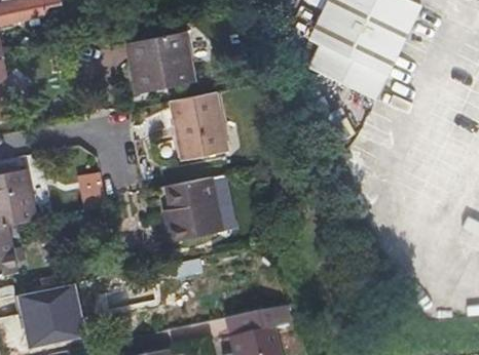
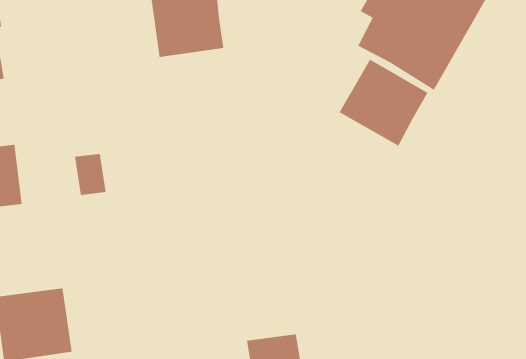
building: none -> [339,59,428,147]
building: [174,90,230,156] -> none
building: [168,175,223,241] -> none

